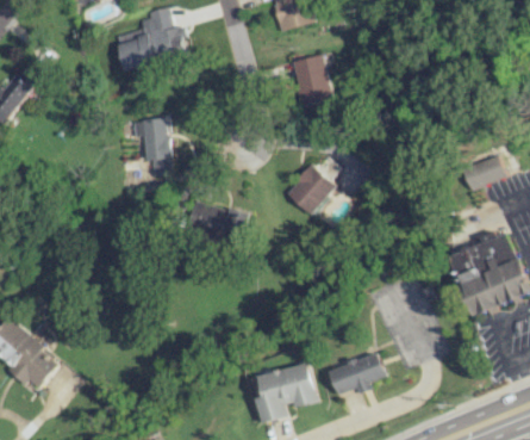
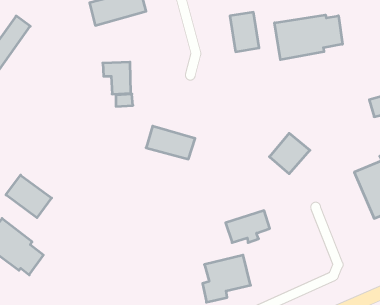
building: none -> [275,15,342,60]
building: [285,163,336,215] -> [269,133,310,174]
building: none -> [6,175,52,218]
building: [329,353,385,393] -> [226,211,270,243]

